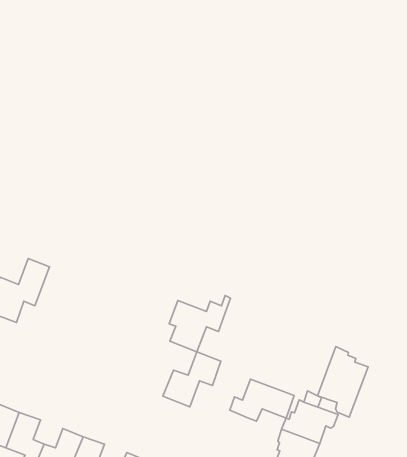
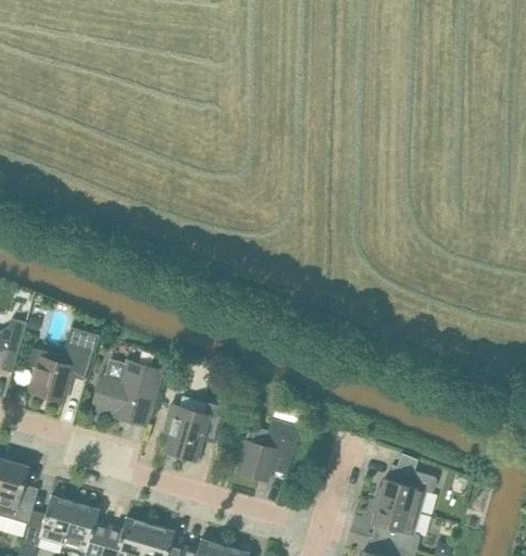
building: none -> [91,361,161,425]
building: [169,296,231,352] -> [162,394,229,460]
building: [317,347,368,417] -> none
building: [230,379,294,421] -> none

